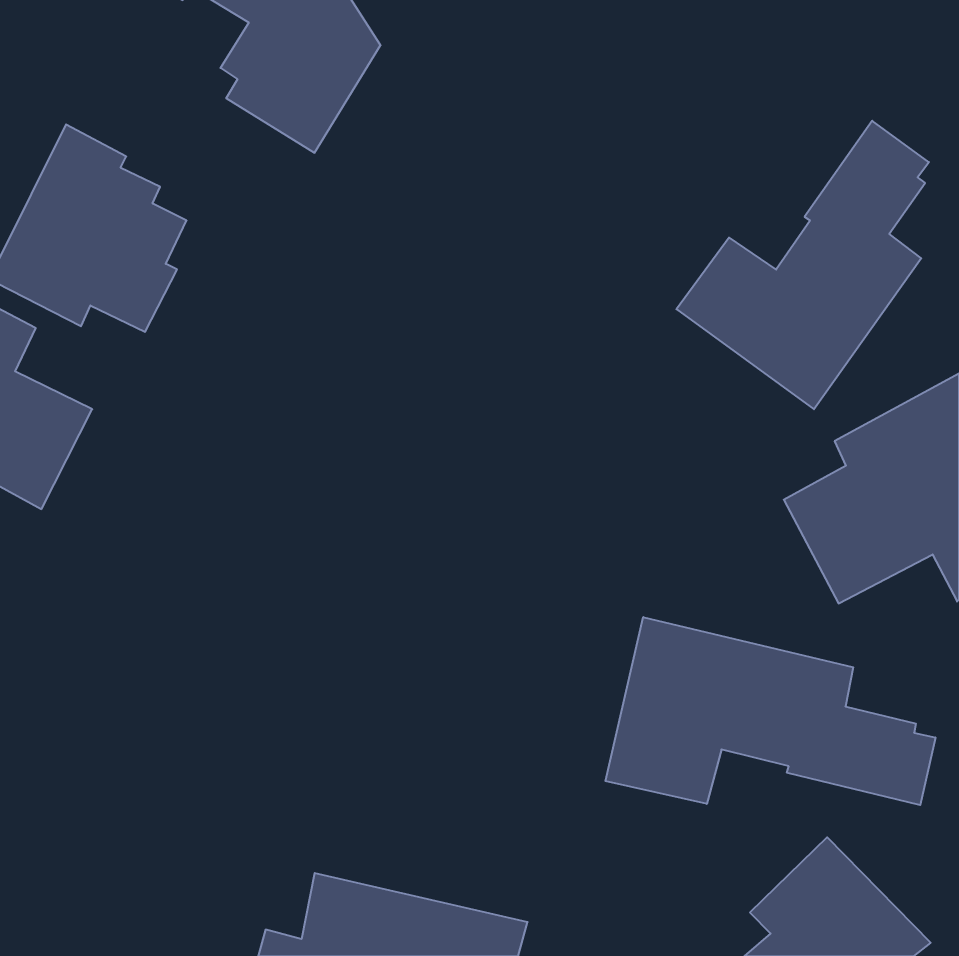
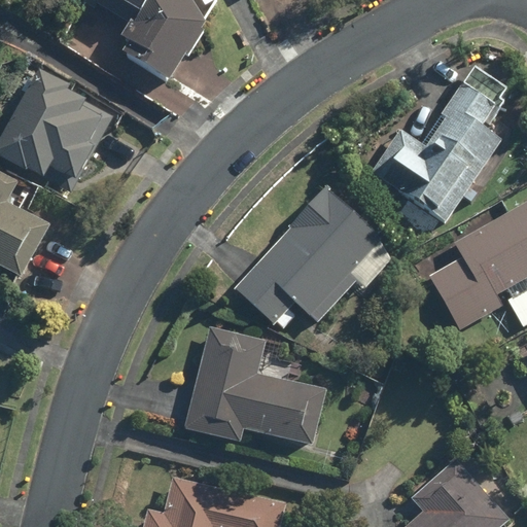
building: none -> [235,187,395,326]
building: none -> [184,324,325,444]
building: [605,617,935,805] -> none

